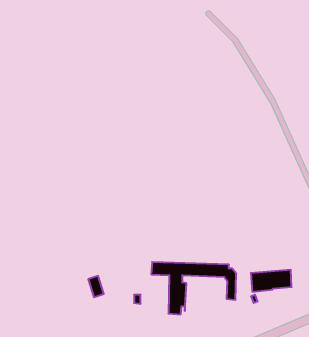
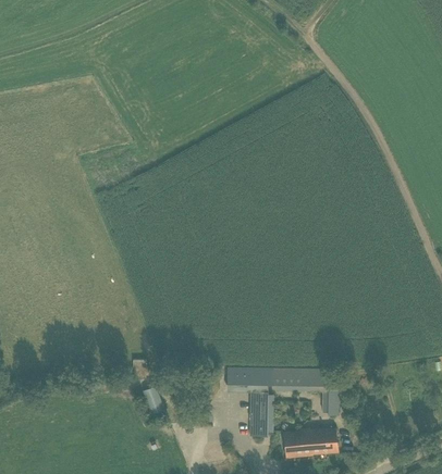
building: [251,270,292,292] -> [282,429,336,459]

